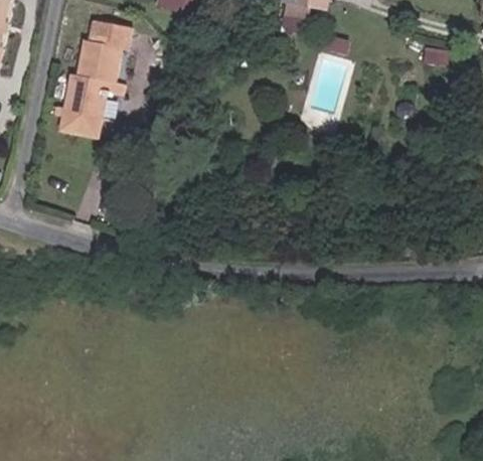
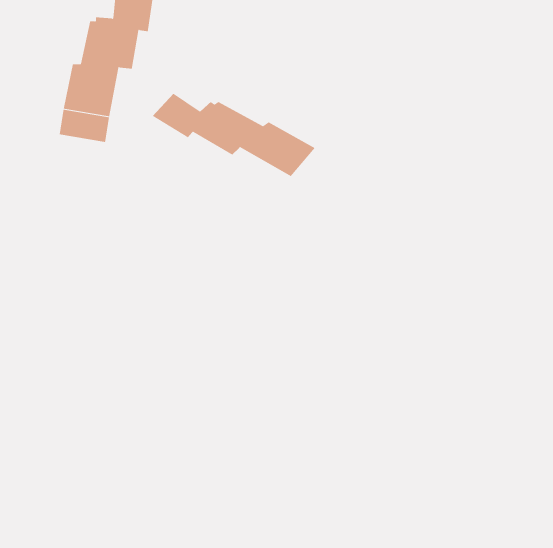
building: none -> [152,93,315,177]

